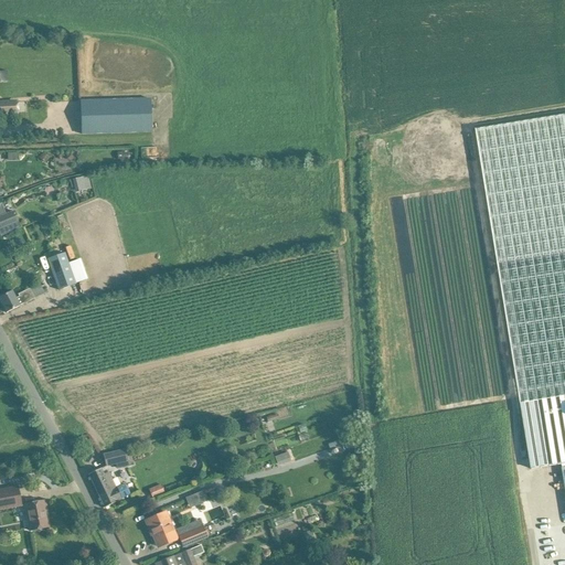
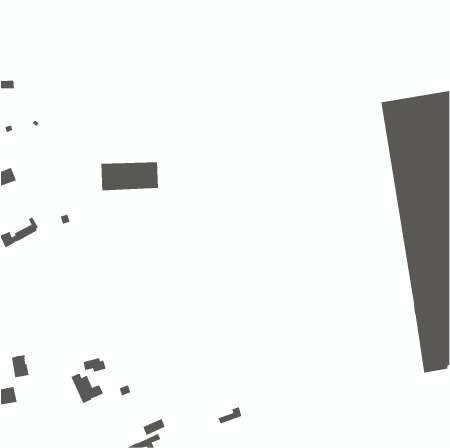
building: [79,97,152,134] -> [101,162,159,191]
building: [47,252,75,289] -> none
building: [25,500,49,529] -> [11,355,30,378]
building: [146,512,175,545] -> none

